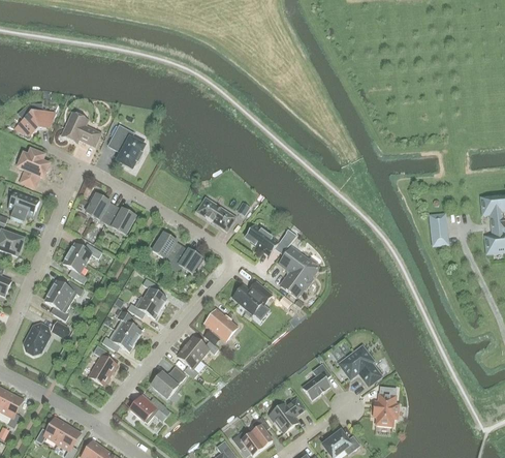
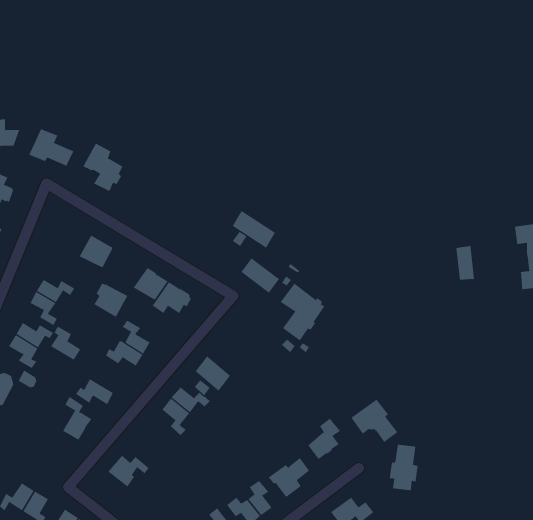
building: [86,192,116,222] -> [94,283,128,317]
building: [197,196,235,230] -> [232,210,276,248]
building: [233,280,273,312] -> none
building: [115,310,141,340] -> [50,326,81,360]
building: [151,364,187,397] -> none

